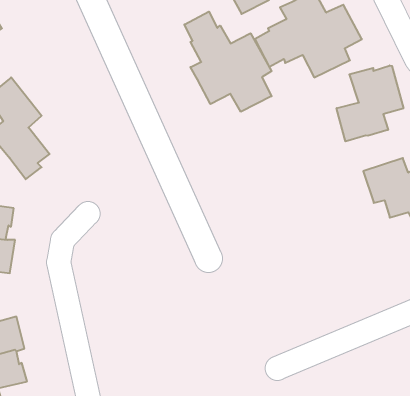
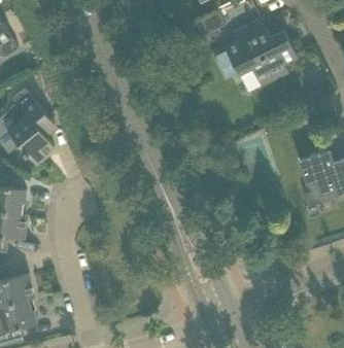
building: [184,12,272,112] -> none
building: [337,65,403,141] -> none

